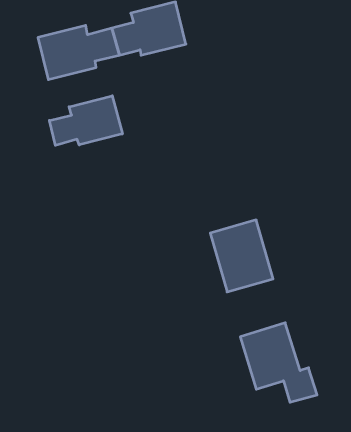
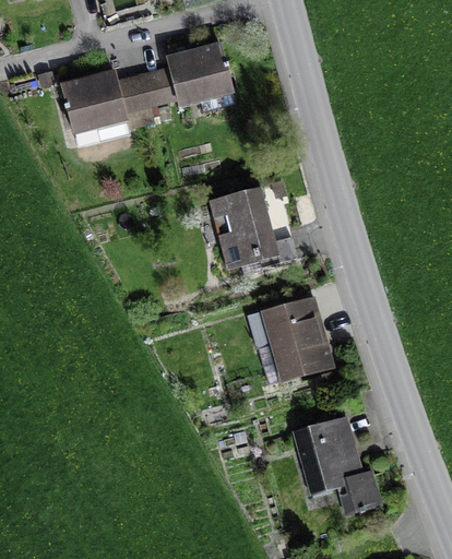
building: [49,96,122,145] -> none
building: none -> [211,188,276,267]

